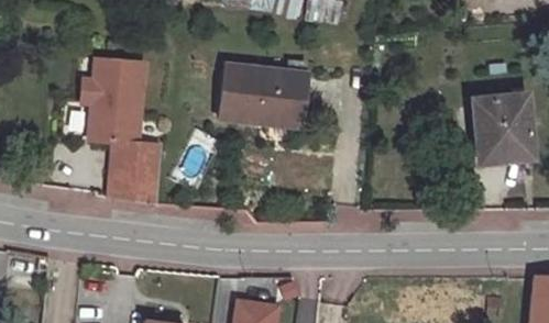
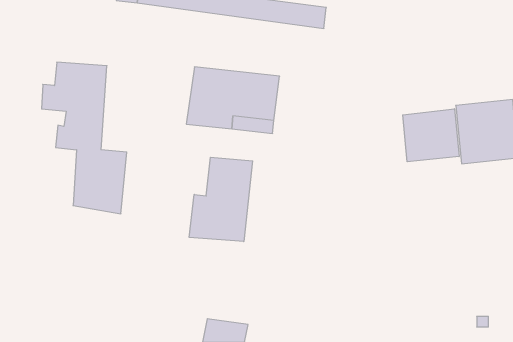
building: none -> [403,109,459,162]
building: none -> [189,157,253,242]

